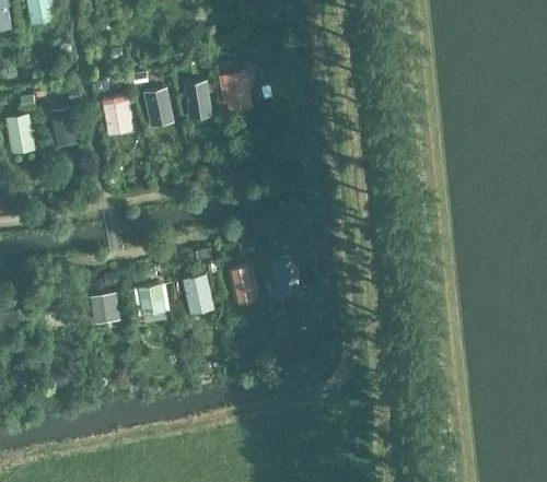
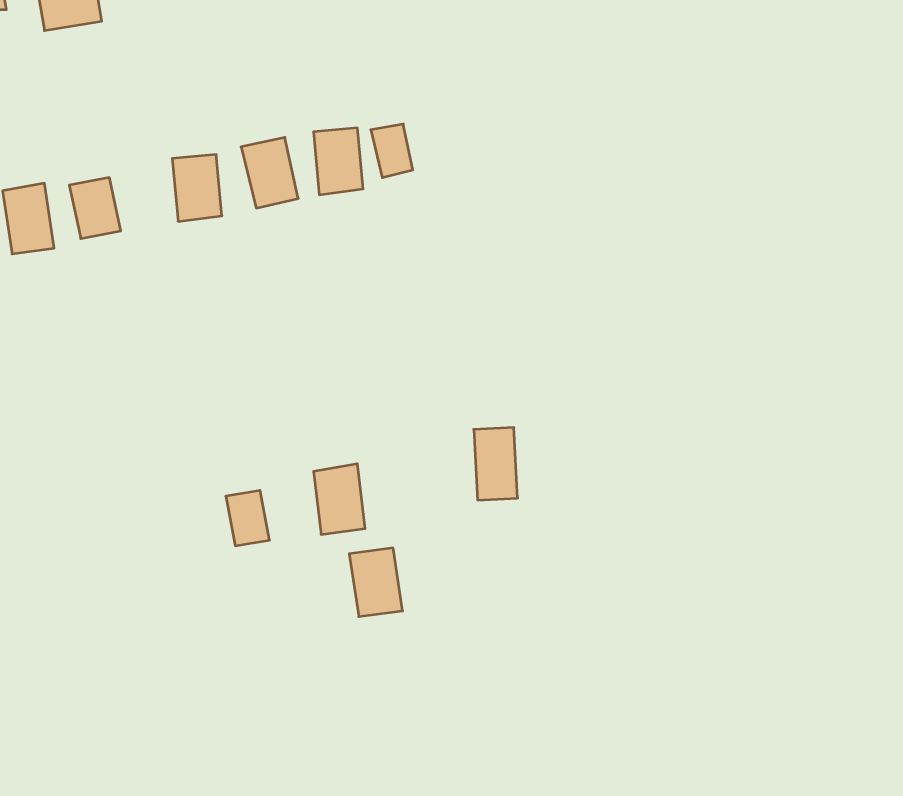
building: [228,264,258,304] -> [349,548,403,617]
building: [89,291,121,324] -> none

